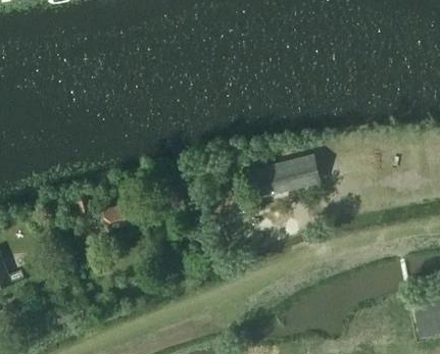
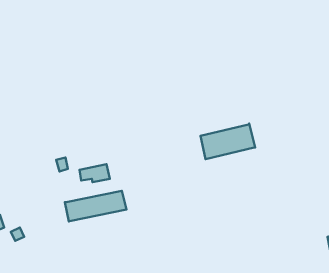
building: none -> [65,191,126,222]

